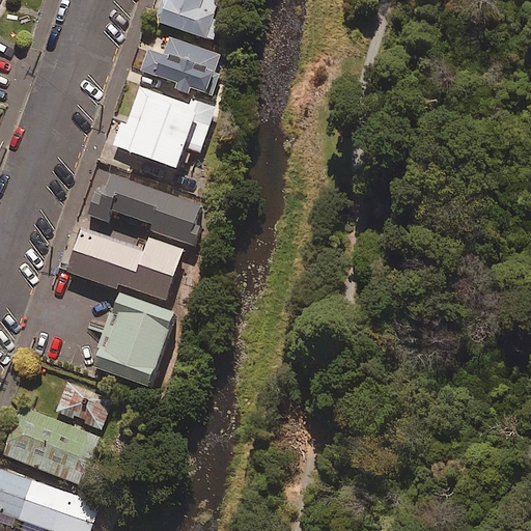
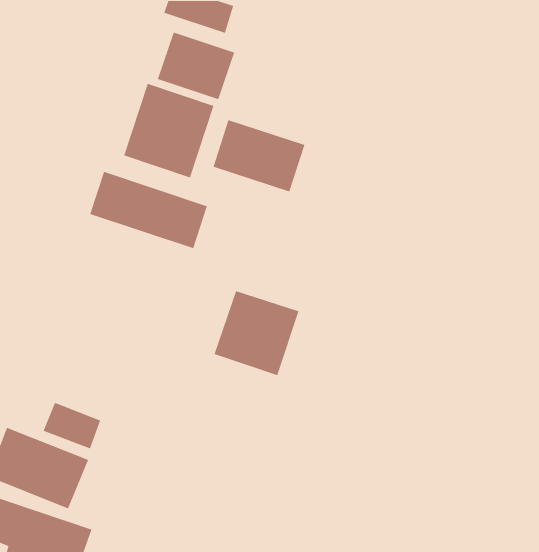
building: none -> [213,119,305,193]
building: [61,226,190,303] -> none
building: [99,297,180,379] -> [214,290,300,376]

